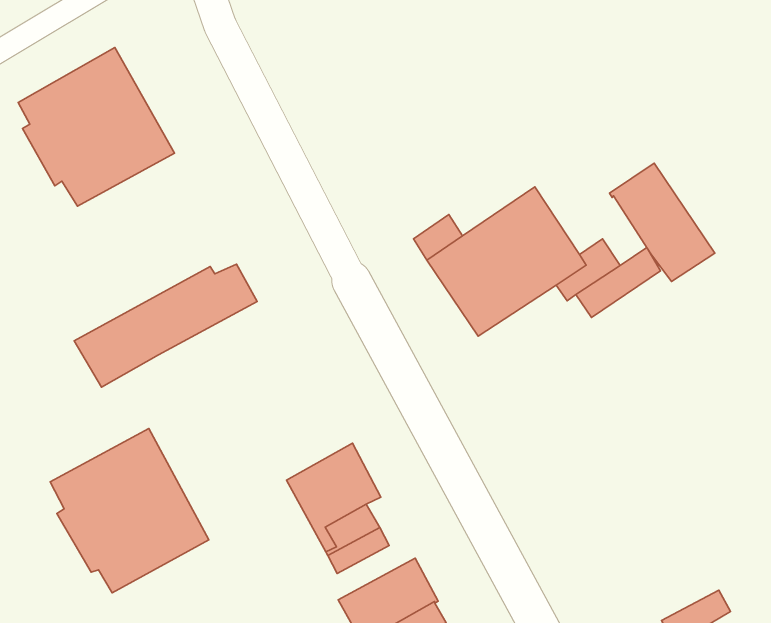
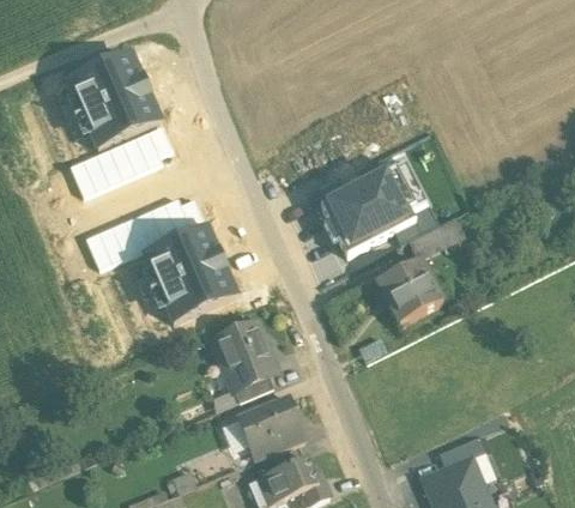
building: none -> [72,125,174,194]
building: [610,163,715,281] -> none
building: none -> [377,259,443,323]
building: [50,429,209,593] -> [140,224,237,326]

